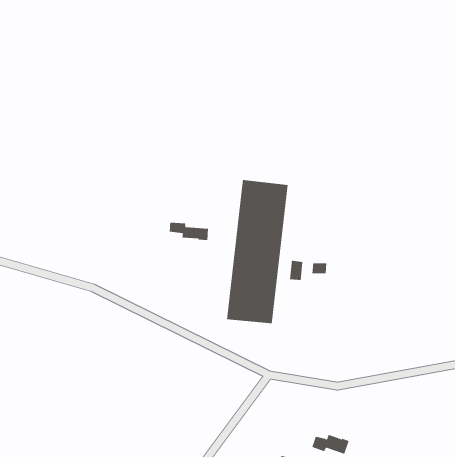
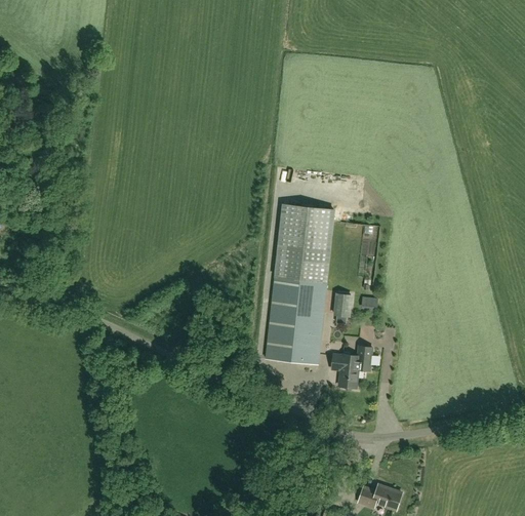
building: [169,222,209,241] -> none
building: none -> [331,347,371,388]

